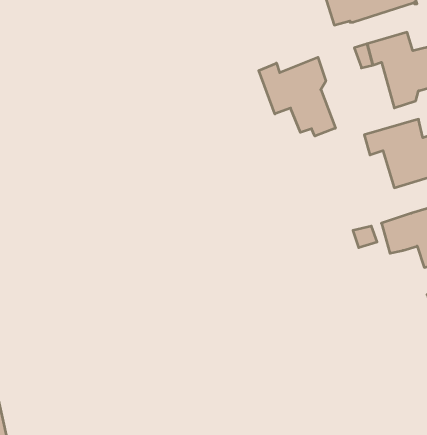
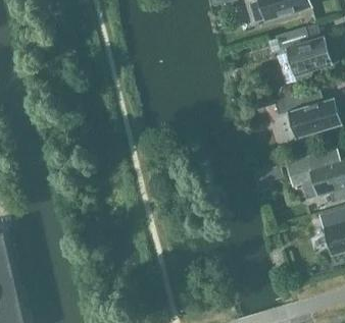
building: [259,57,335,136] -> none

